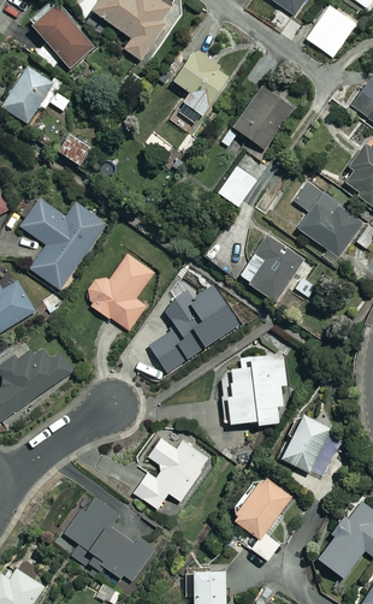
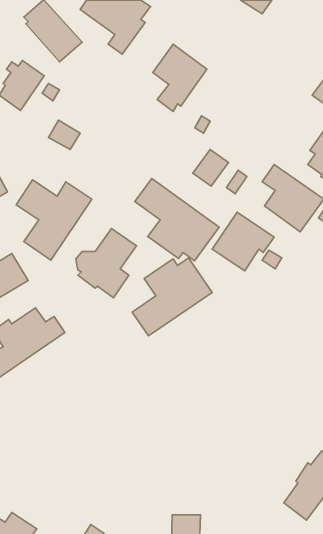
building: [307,6,356,58] -> none
building: [233,88,294,149] -> none
building: none -> [135,178,219,261]
building: [229,355,286,425] -> none
building: [282,413,338,479] -> none
building: [135,438,209,509] -> none
building: [235,476,292,561] -> none
building: [65,497,153,584] -> none

